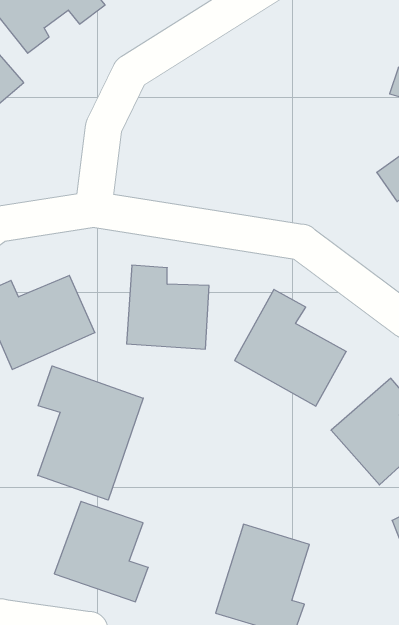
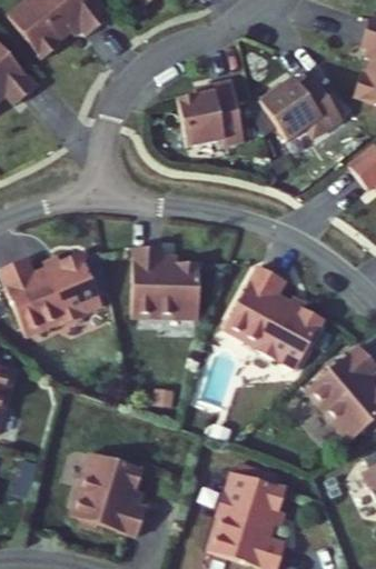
building: none -> [259,74,343,138]
building: none -> [177,78,246,143]
building: [38,366,143,500] -> none

